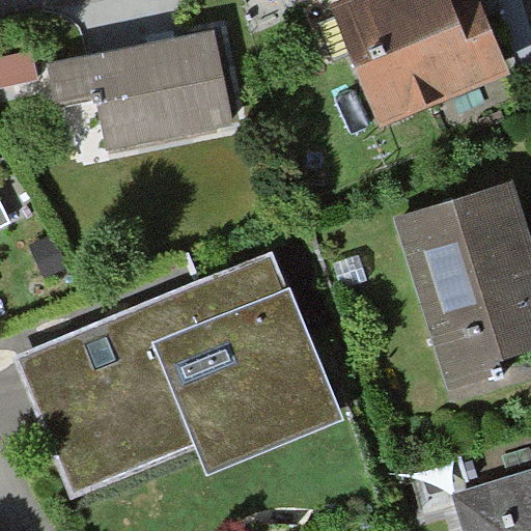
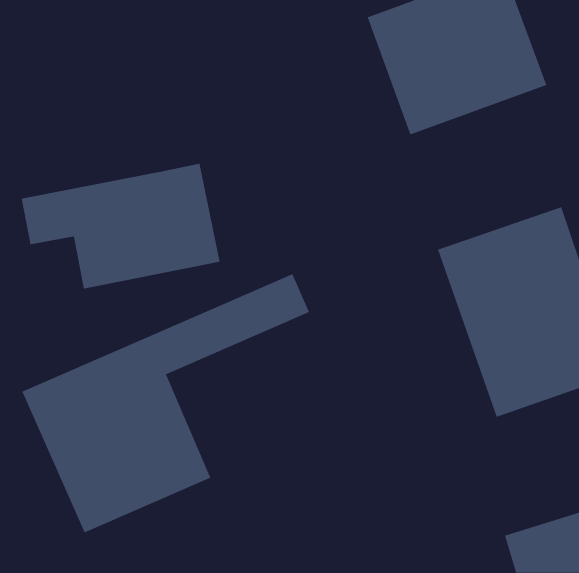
building: [49,36,231,151] -> [21,163,221,289]
building: [153,285,339,467] -> none

